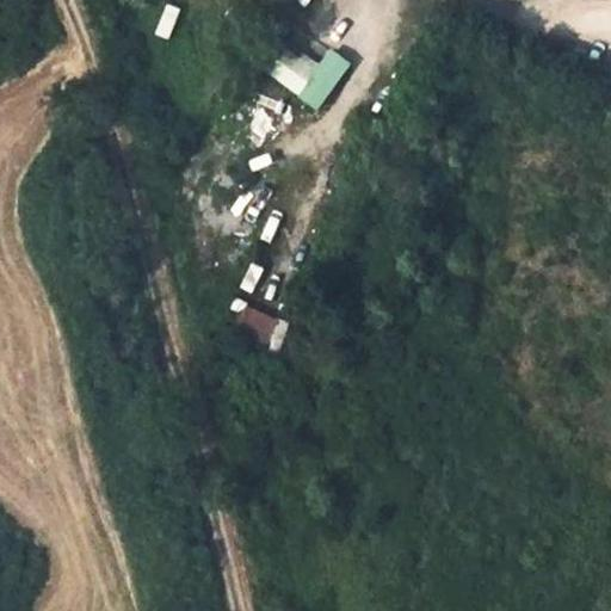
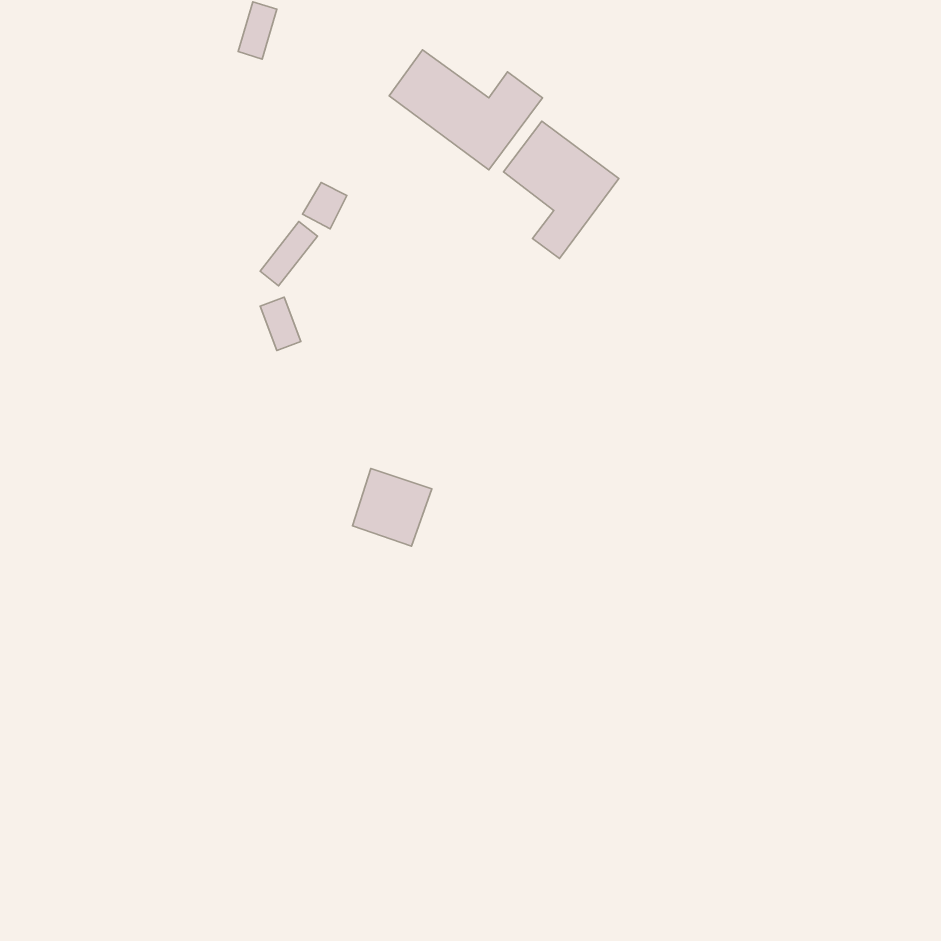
building: none -> [504,121,619,259]

